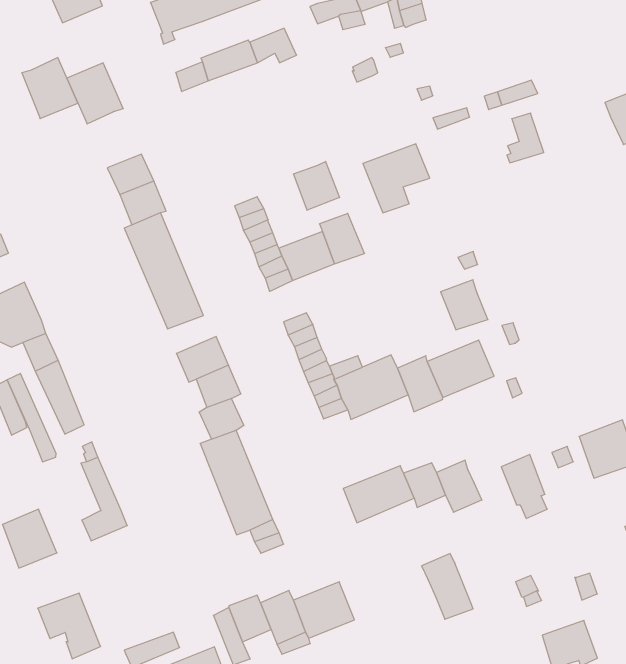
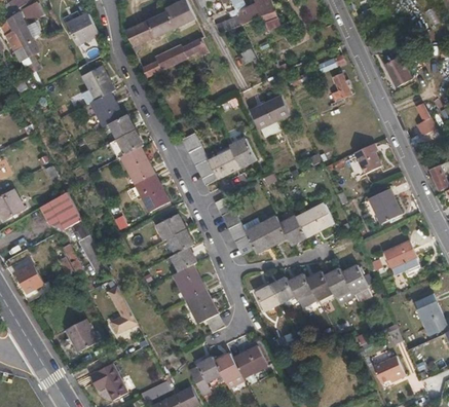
building: [22,58,78,119] -> [89,91,122,126]
building: [293,161,339,210] -> none
building: [441,280,488,330] -> [353,144,381,173]
building: none -> [368,188,401,223]
building: [422,554,473,619] -> [324,267,354,304]

